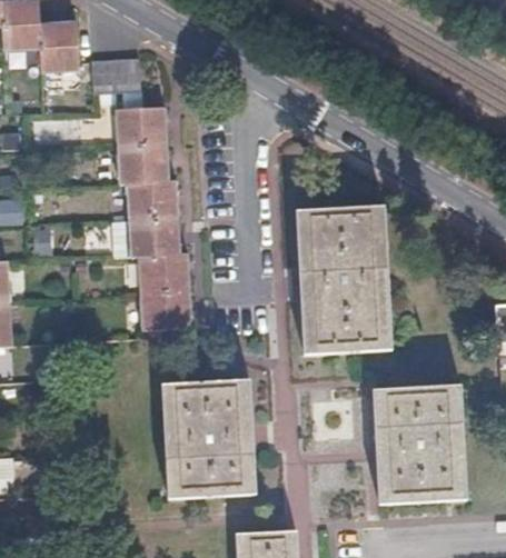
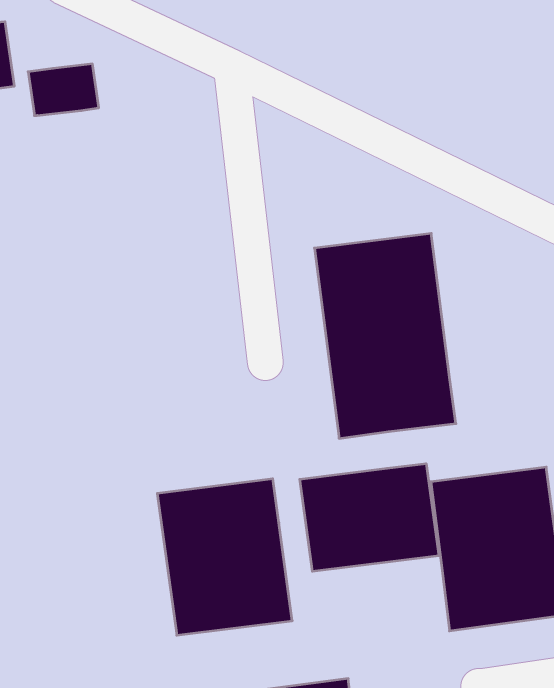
building: [115,107,191,330] -> none
building: none -> [300,464,439,571]

